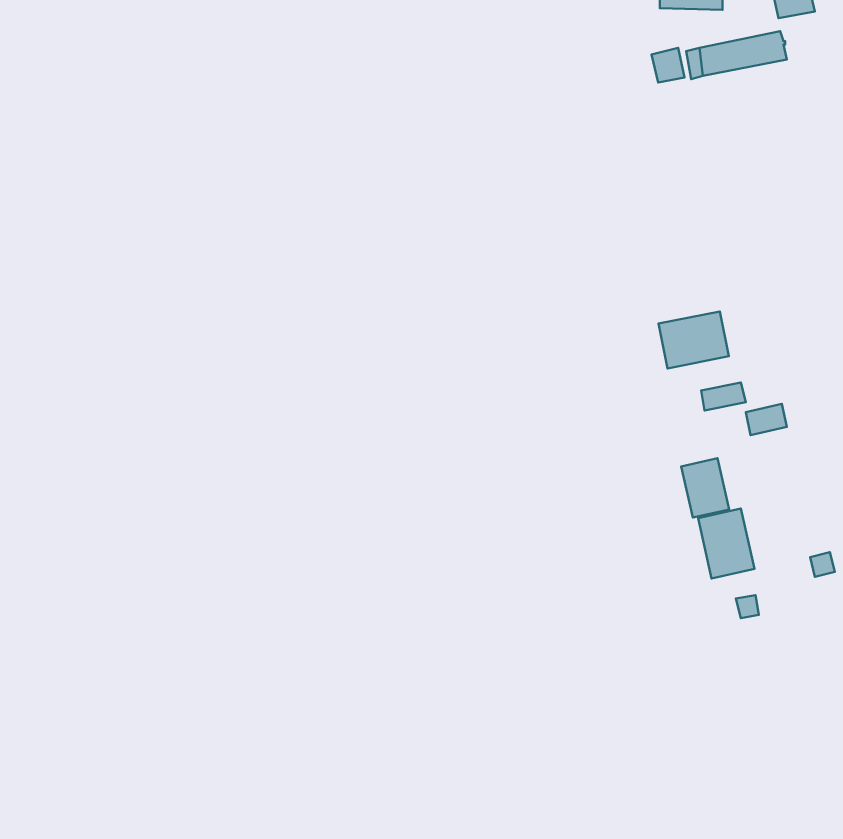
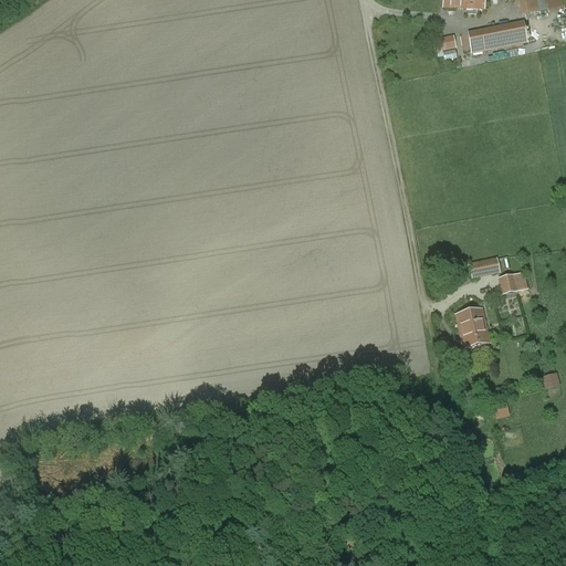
building: [659,311,729,368] -> none
building: [698,509,755,578] -> none

